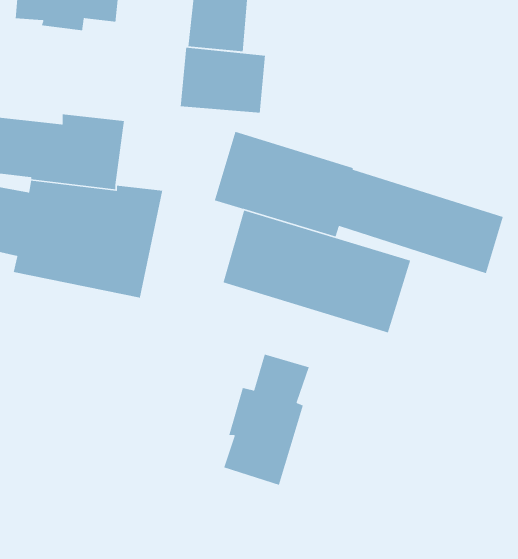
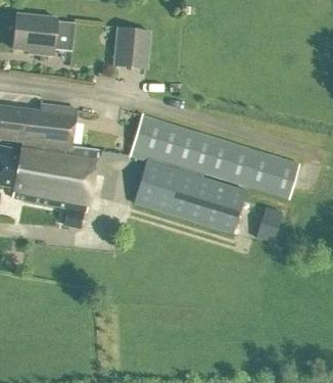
building: [180,47,266,113] -> none
building: none -> [256,206,281,241]
building: [223,354,310,486] -> none

